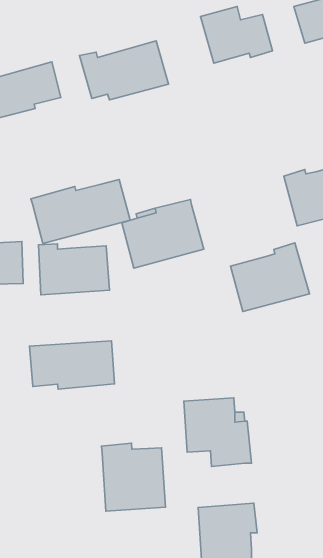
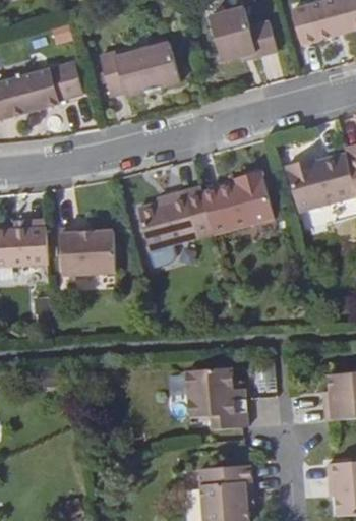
building: [31,180,130,244] -> none
building: [231,243,309,311] -> [199,171,272,234]
building: [29,341,115,389] -> none
building: [101,443,165,511] -> none

